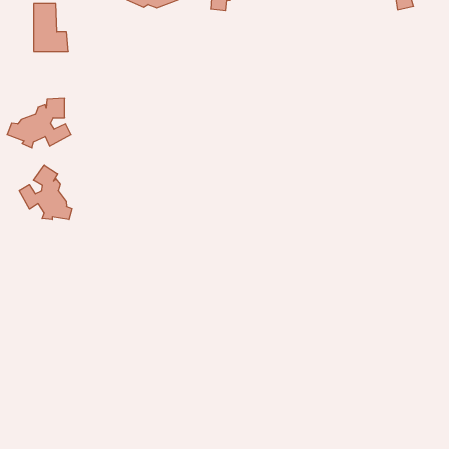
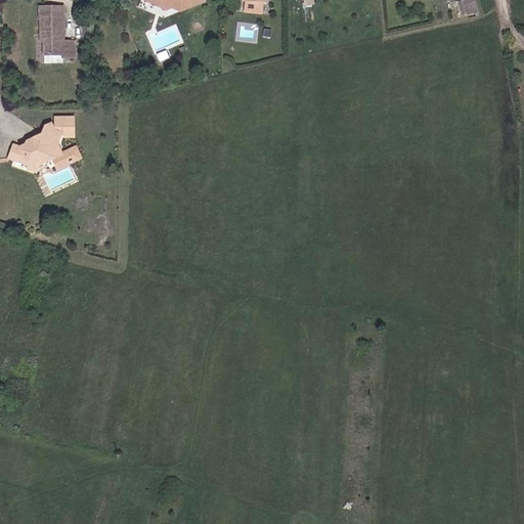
building: [19,165,72,220] -> none

